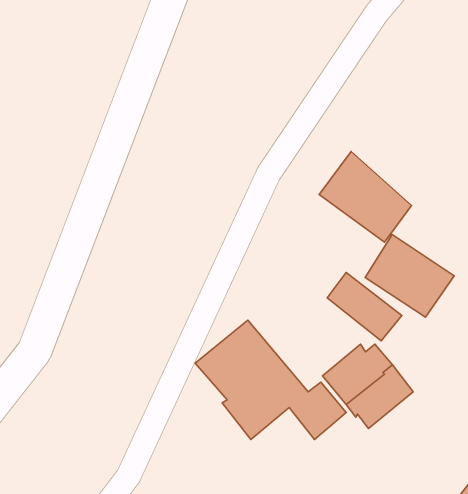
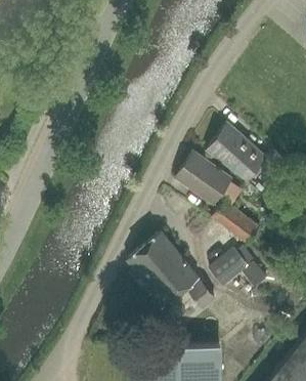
building: [365,235,454,317] -> [174,151,231,204]

